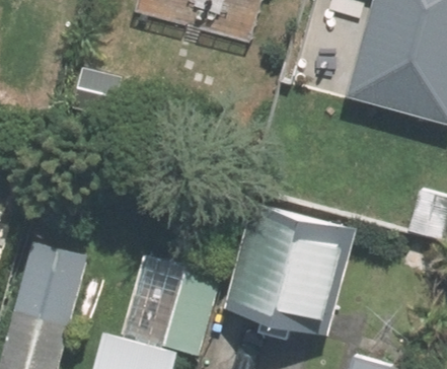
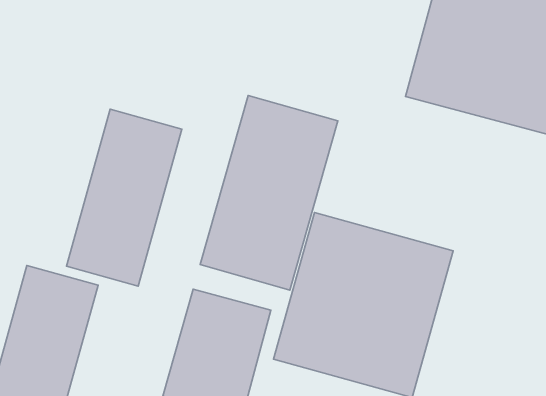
building: none -> [200,95,338,290]
building: none -> [66,109,182,286]

